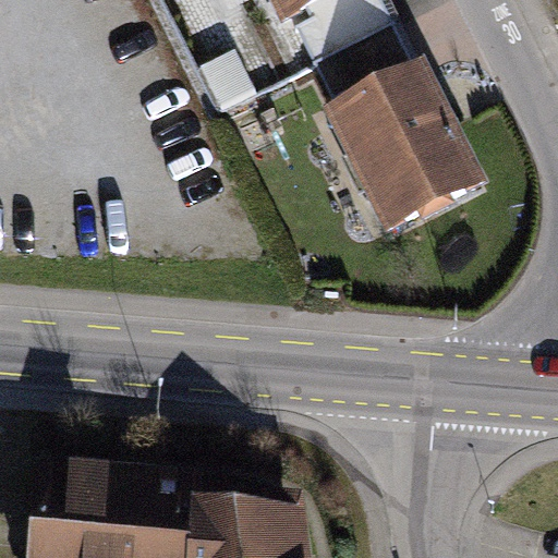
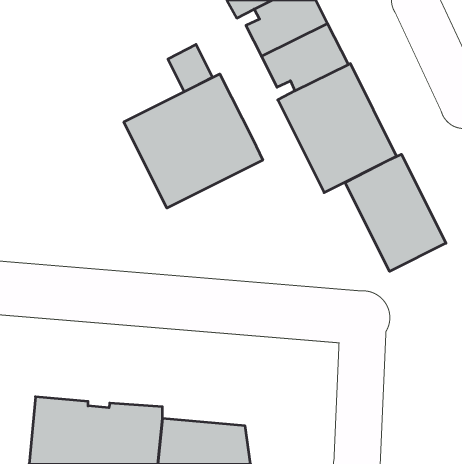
building: none -> [124,74,263,208]
building: none -> [345,154,446,271]

